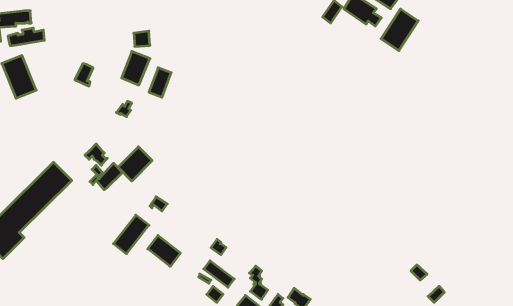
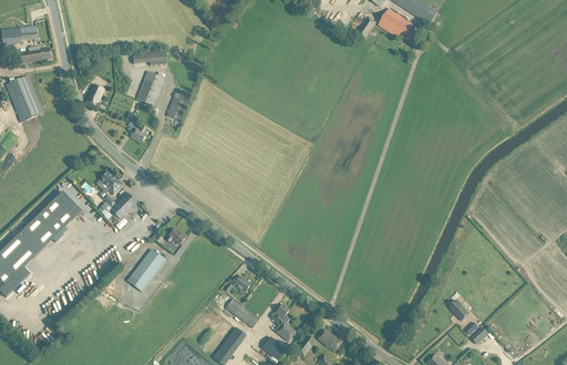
building: [381,9,418,51] -> none
building: [118,147,152,181] -> none
building: [148,235,180,266] -> none

